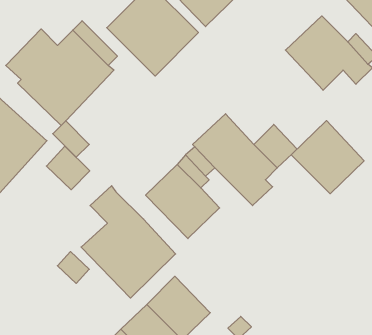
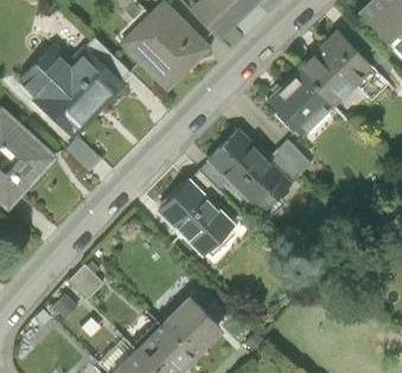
building: [291,121,364,194] -> [264,65,338,139]
building: [46,146,90,190] -> none
building: [81,186,176,298] -> none

